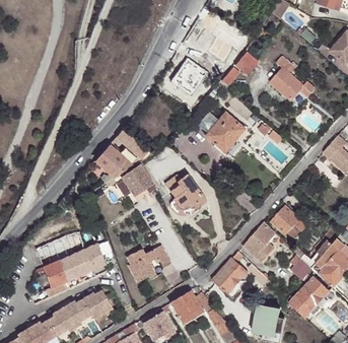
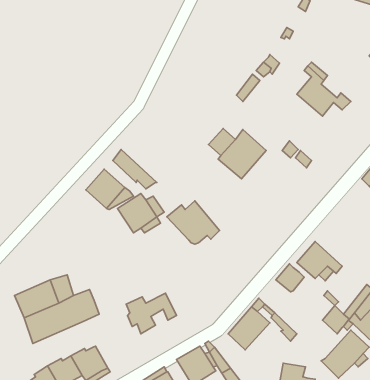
building: [172,59,207,94] -> none
building: [241,235,272,264] -> none

